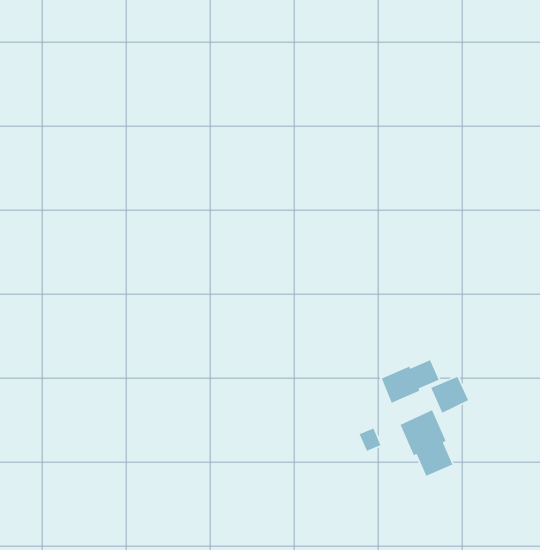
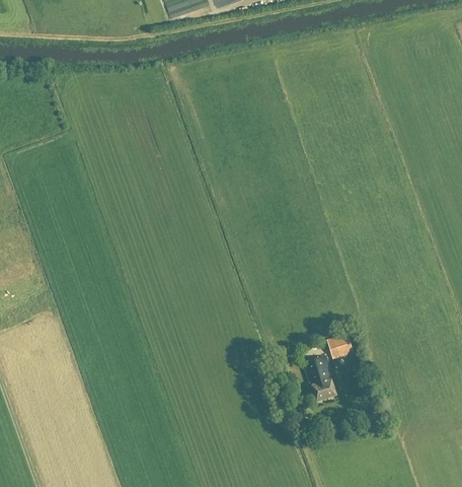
building: [381,359,440,404] -> none

